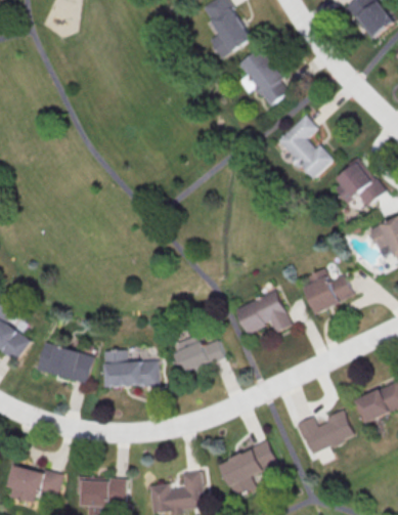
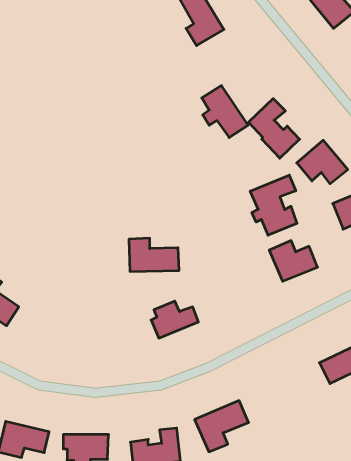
building: [239,49,290,105] -> [202,86,248,138]
building: none -> [250,175,297,235]
building: [235,291,292,334] -> none
building: [37,343,94,383] -> none
building: [104,350,159,386] -> [129,238,179,271]
building: [297,410,354,455] -> none

